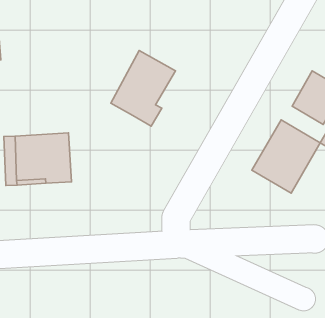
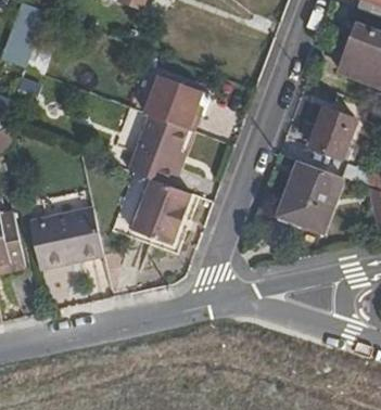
building: none -> [143,74,201,130]
building: none -> [132,179,192,245]

